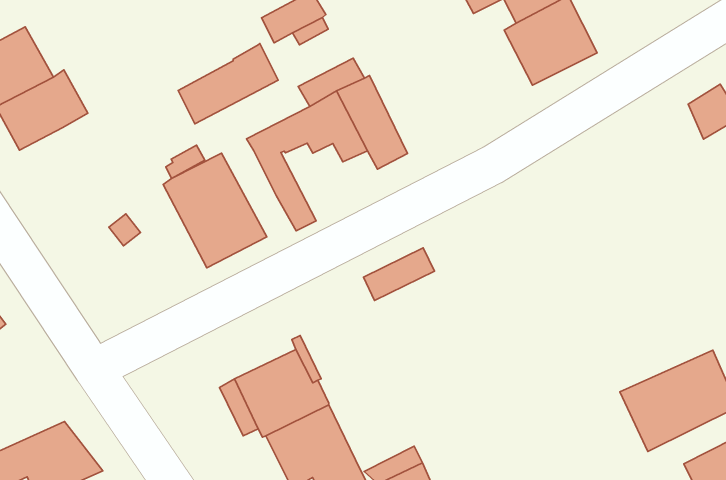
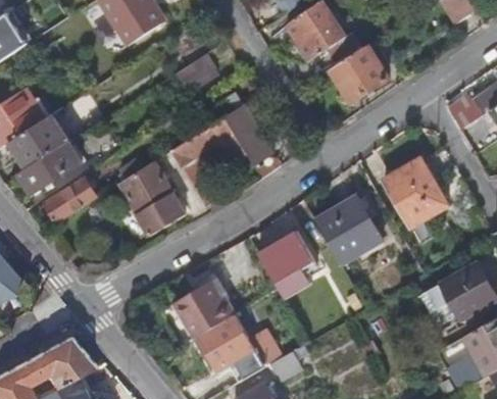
building: [178,43,278,124] -> [19,140,83,194]
building: none -> [46,178,97,220]
building: none -> [385,159,448,227]
building: none -> [316,196,383,265]
building: none -> [258,232,314,298]

